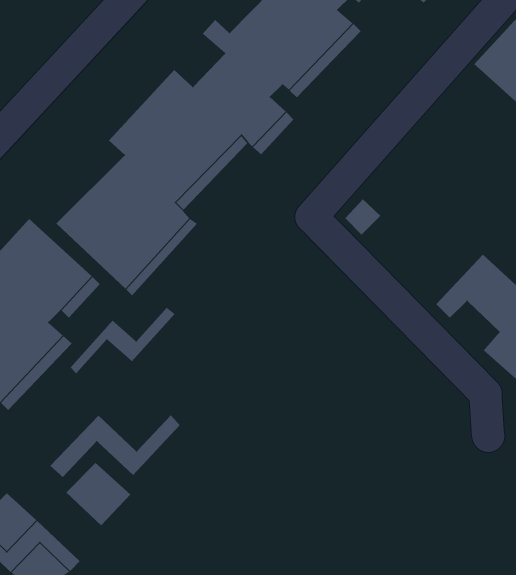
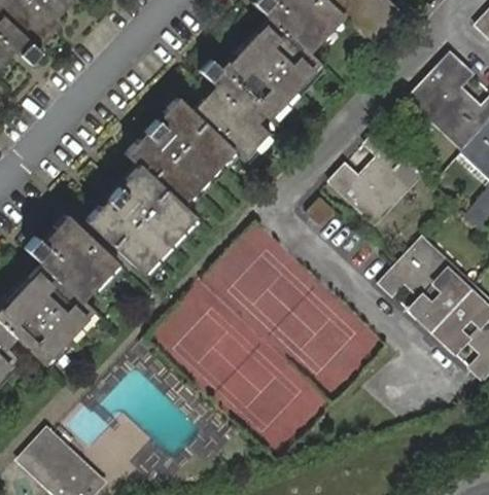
building: none -> [330,131,416,217]
building: [70,307,176,374] -> none
building: [50,415,181,478] -> none
building: [65,462,131,526] -> none

